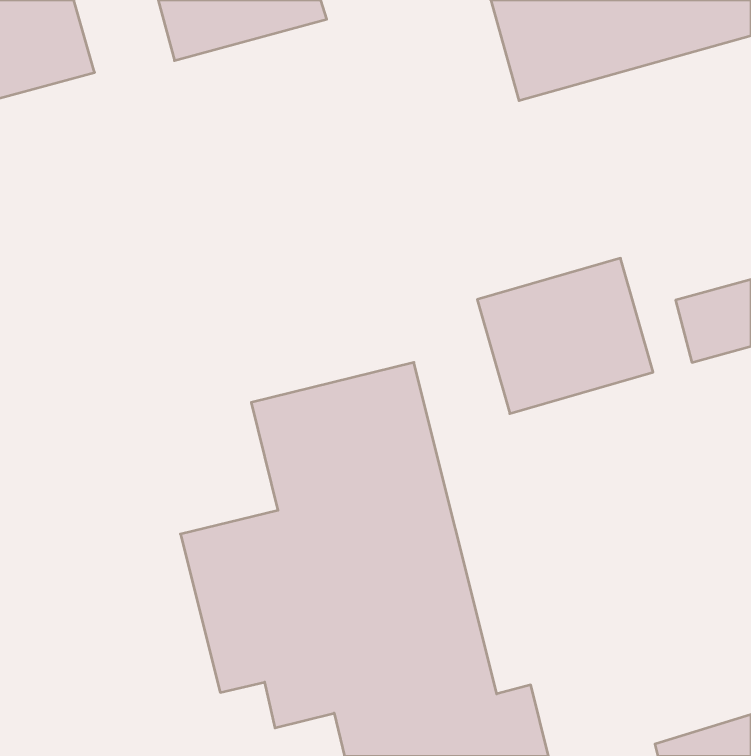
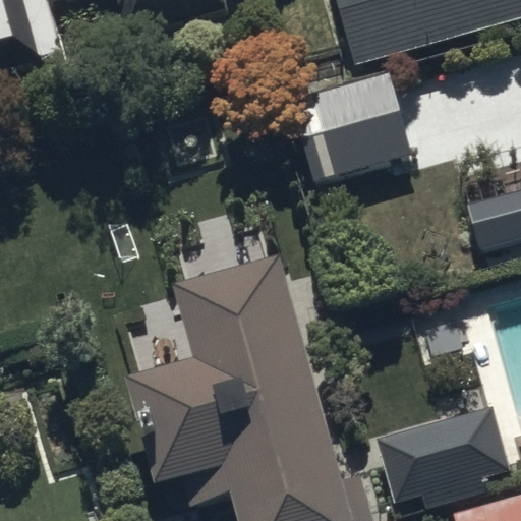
building: [477,258,653,414] -> [289,72,410,179]
building: none -> [374,409,509,512]

